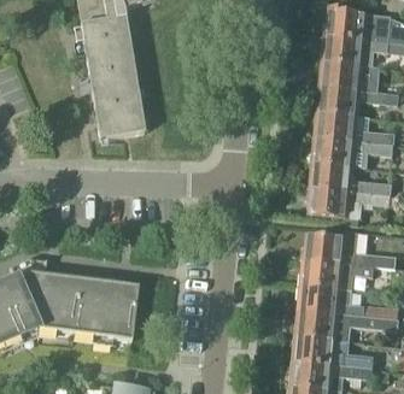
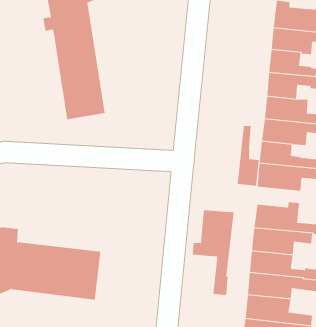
building: none -> [237,125,259,186]
building: none -> [192,210,234,296]

